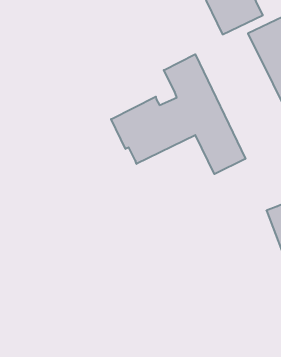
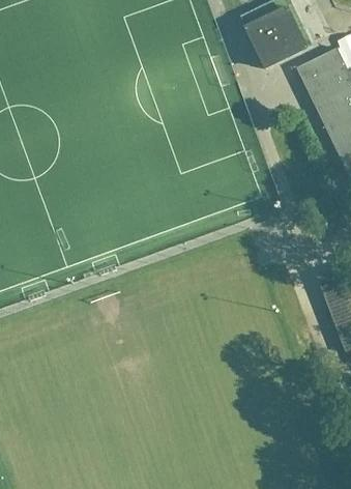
building: [111,54,245,174] -> none

